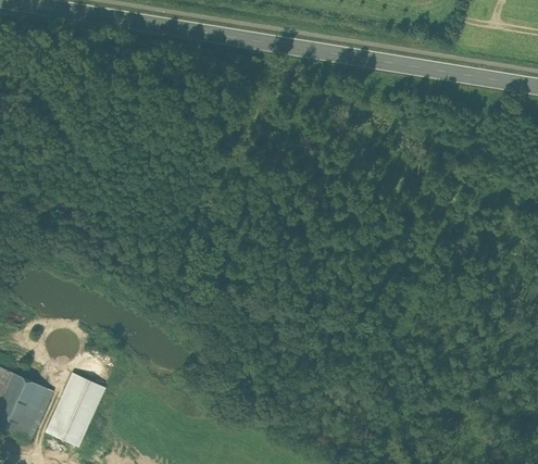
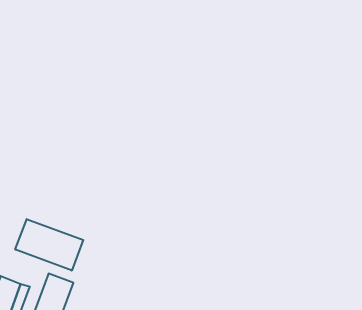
building: none -> [15,219,83,271]

